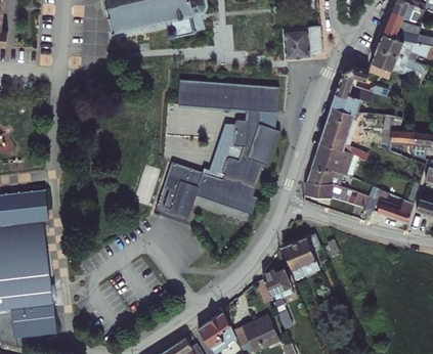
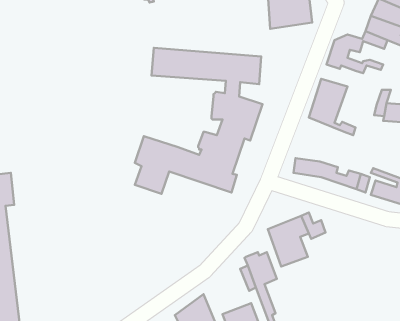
building: [332,94,363,115] -> none
building: [200,123,241,178] -> none
building: [312,143,353,177] -> none

